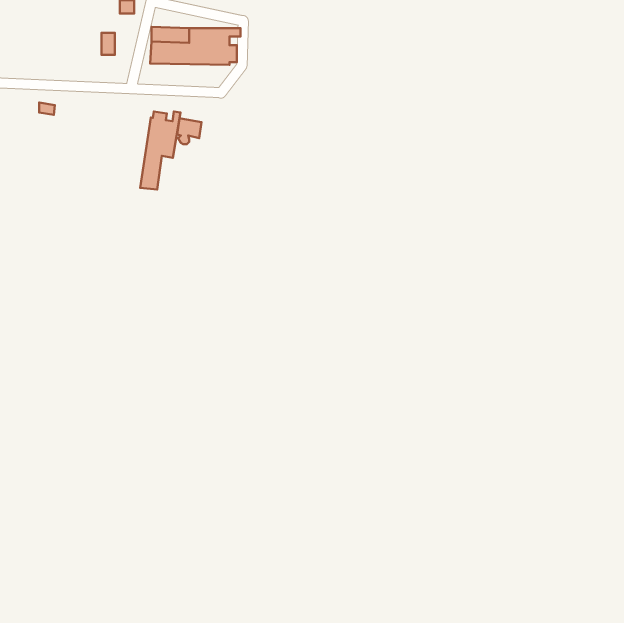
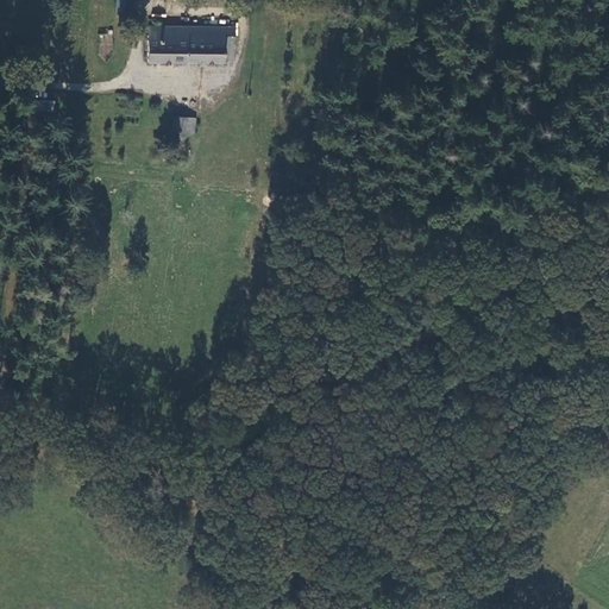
building: [140,111,180,190] -> none

